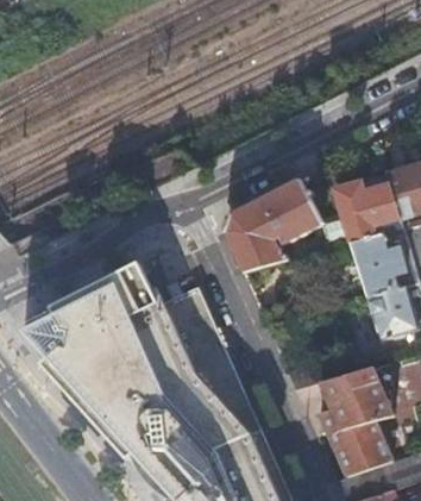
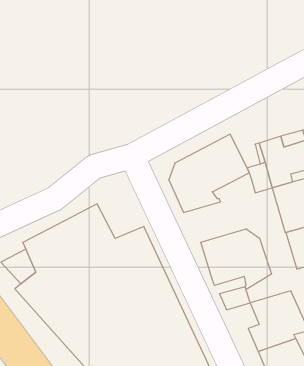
building: none -> [201,229,271,290]

